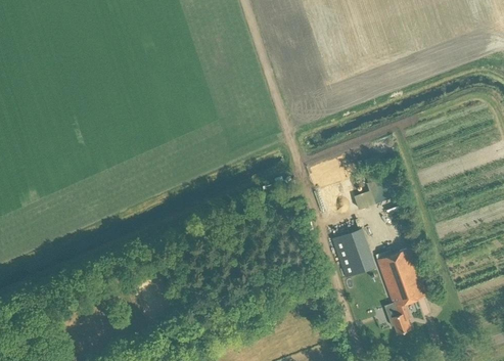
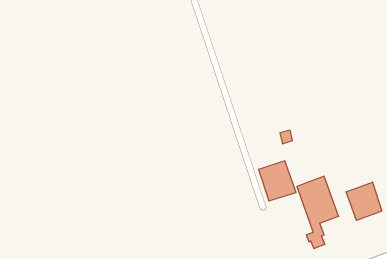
building: none -> [346,182,382,220]

